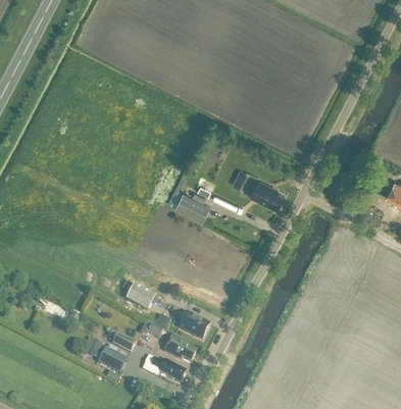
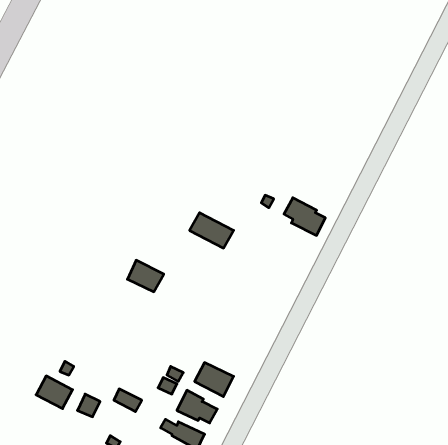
building: [124,284,154,309] -> [127,260,164,292]
building: [96,346,126,372] -> [36,376,73,409]

